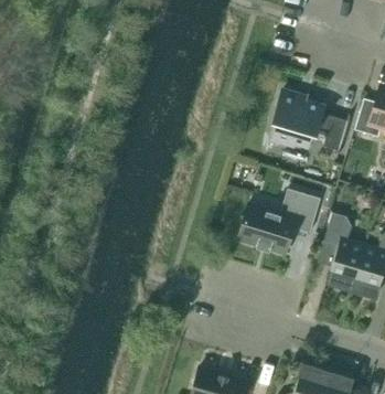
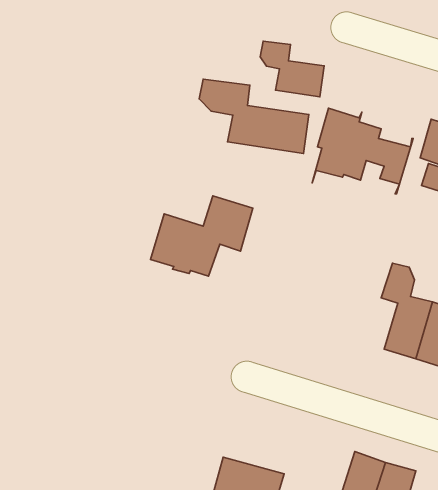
building: none -> [260,41,324,97]
building: none -> [199,79,309,153]
building: [238,189,320,253] -> [150,196,253,276]

